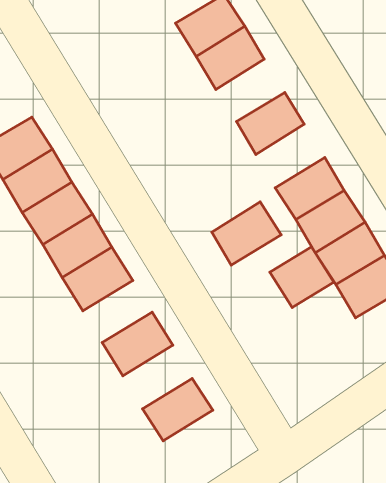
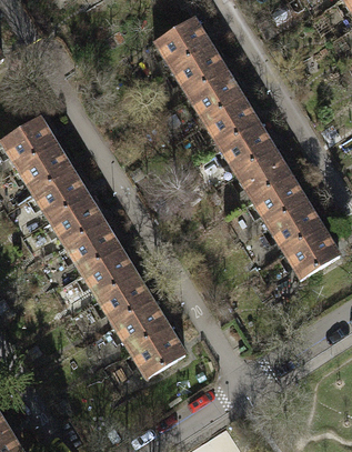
building: none -> [188,70,243,120]
building: [212,202,281,265] -> [220,122,275,173]
building: [270,247,334,308] -> none
building: none -> [81,248,137,298]
building: none -> [113,300,169,351]

